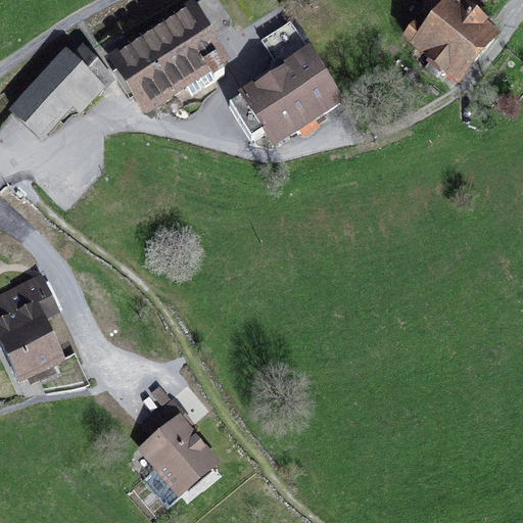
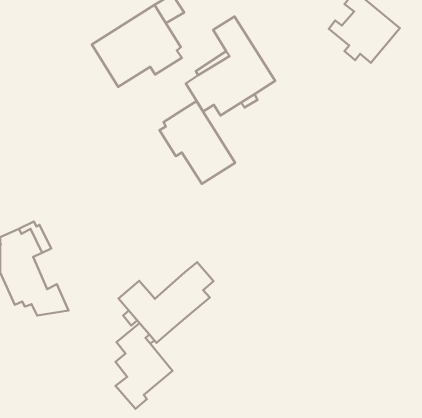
building: [15,48,109,134] -> none
building: none -> [160,101,235,184]
building: none -> [119,262,214,343]

